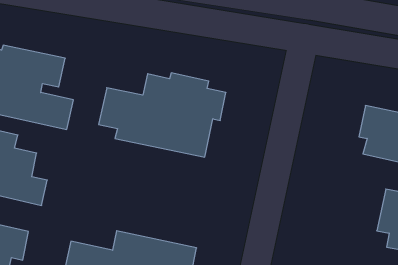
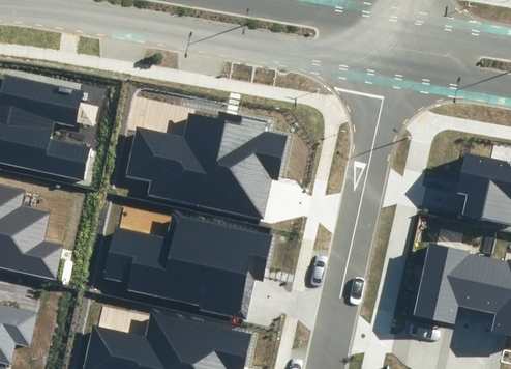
building: none -> [103,214,273,318]
building: none -> [413,243,490,323]

